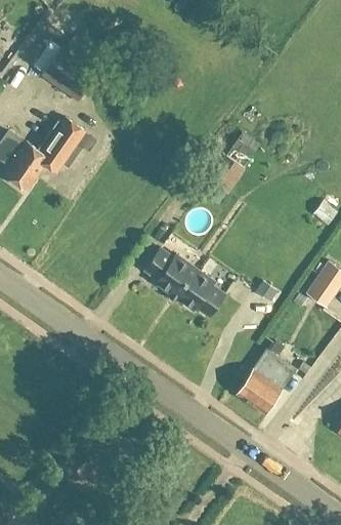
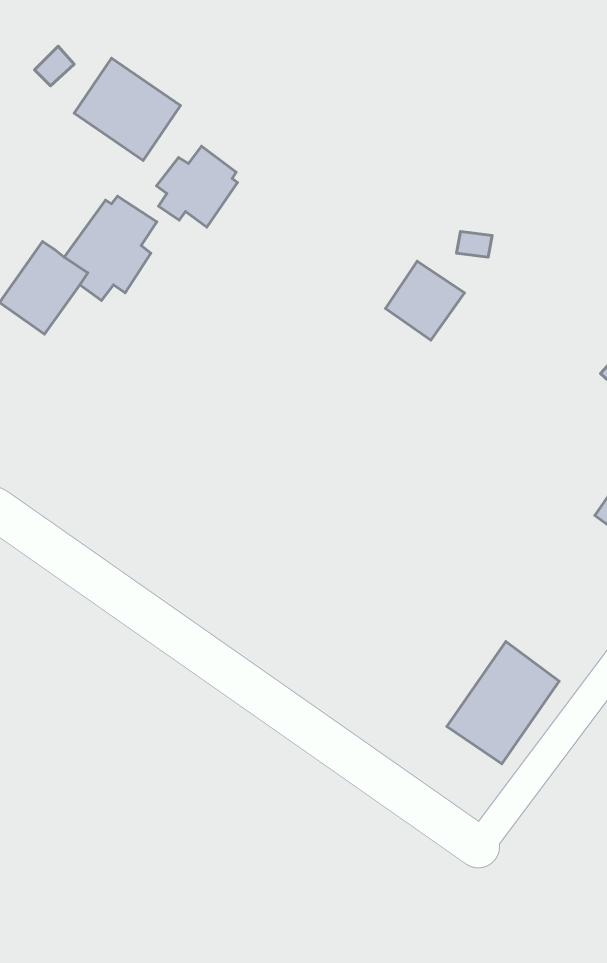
building: none -> [156,146,237,227]
building: [145,248,225,316] -> none

